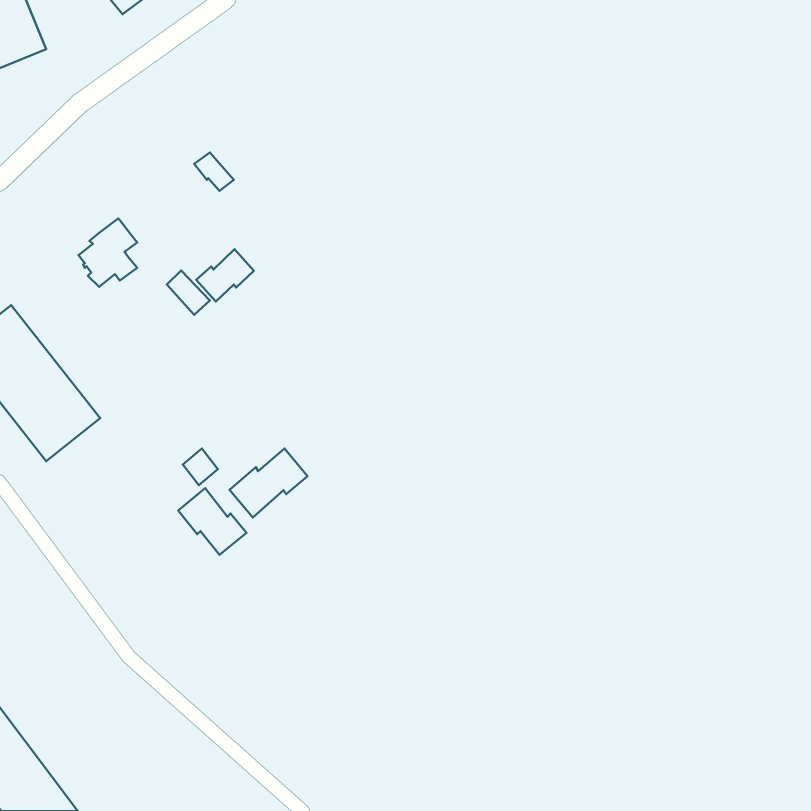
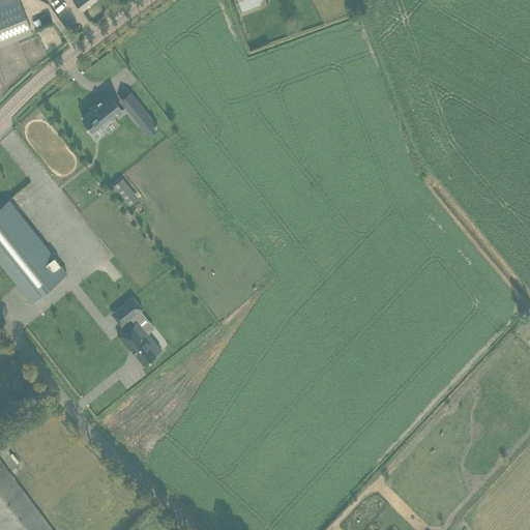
building: [78,218,137,287] -> [81,91,119,136]
building: [196,249,254,301] -> none
building: [230,449,308,517] -> none

